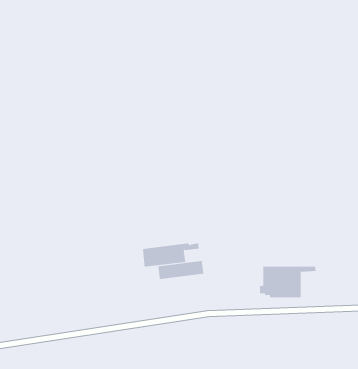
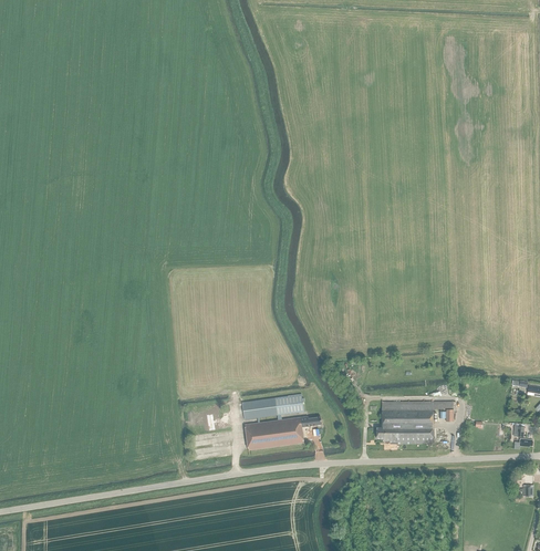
building: [142,243,200,267] -> [245,416,321,448]

